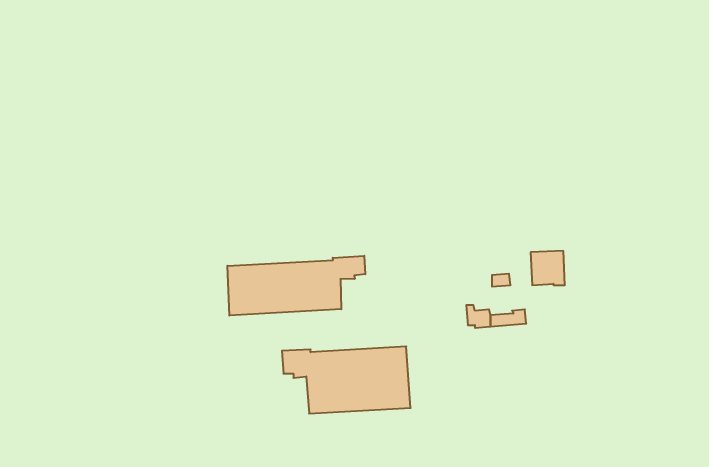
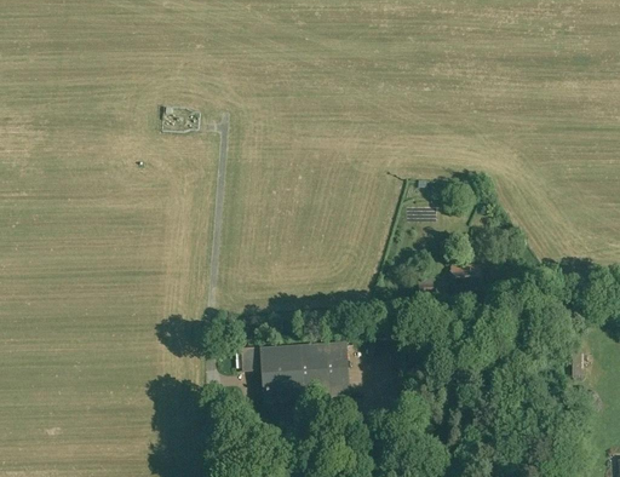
building: [227,256,365,316] -> none

